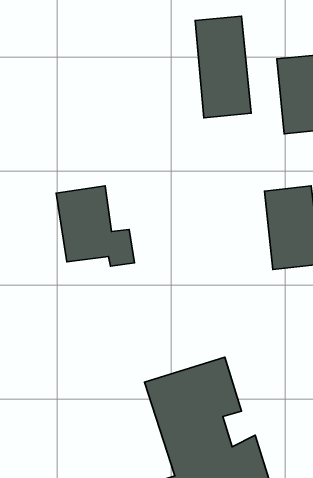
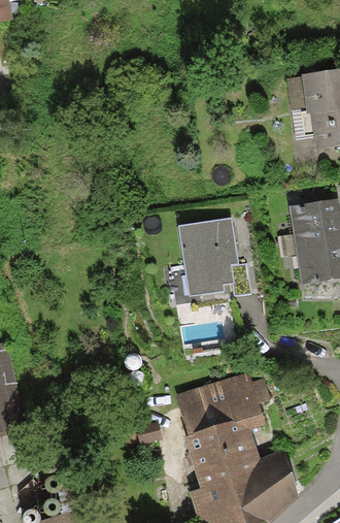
building: [195,16,251,118] -> none
building: [56,186,134,266] -> [179,221,257,300]

